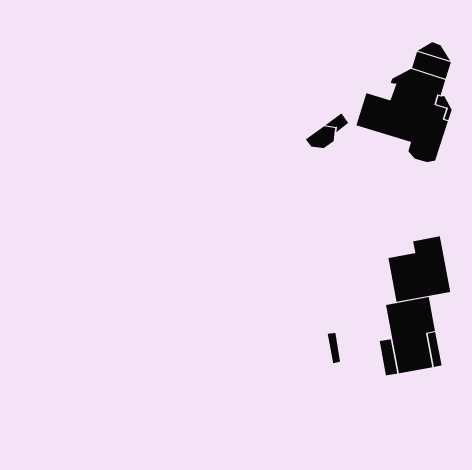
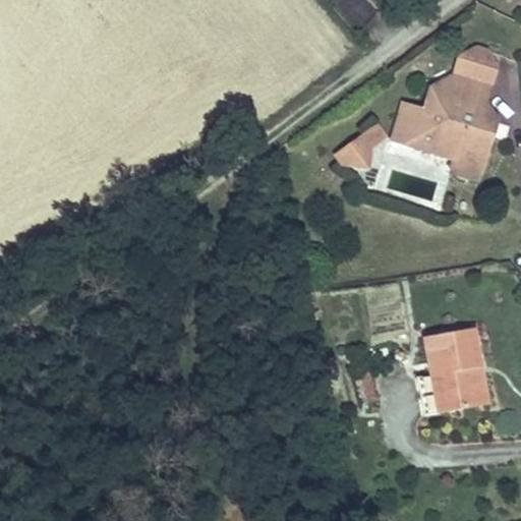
building: [388,235,451,303] -> none

